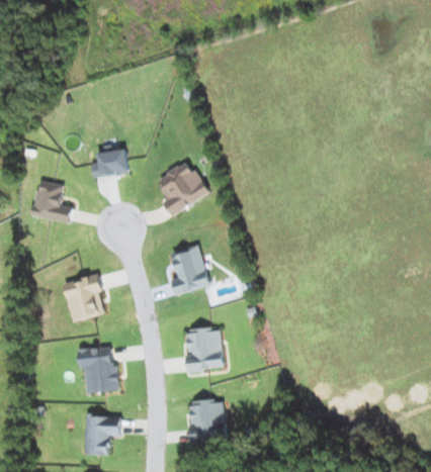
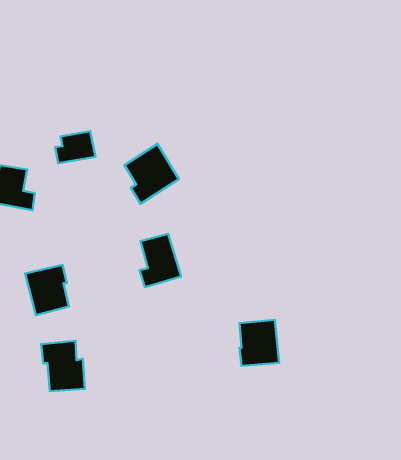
building: [186,327,224,371] -> [239,320,279,366]
building: [188,399,227,441] -> none
building: [85,415,120,454] -> none

